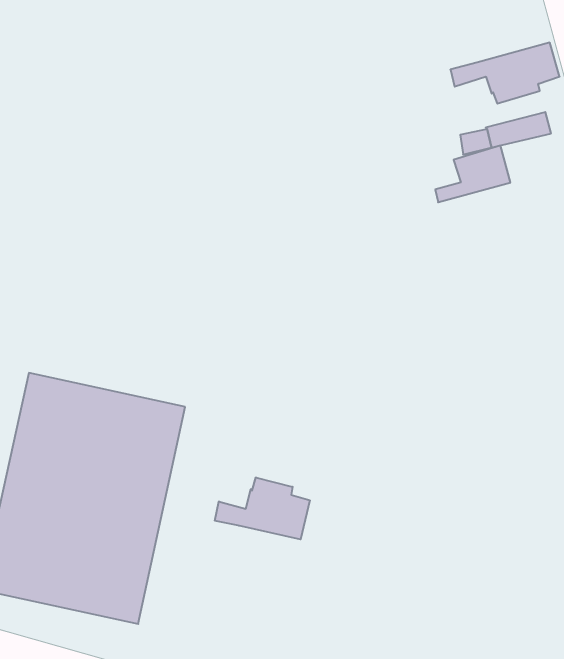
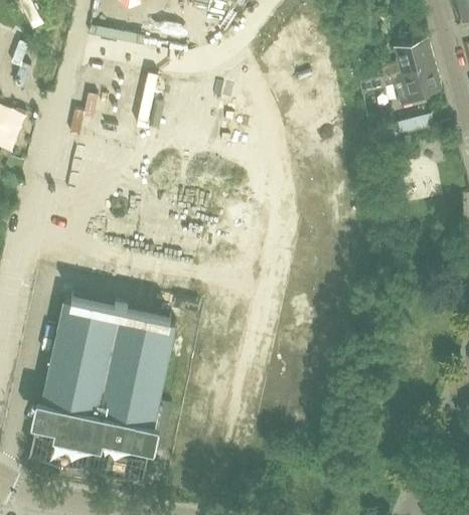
building: [435,146,510,202] -> [382,34,436,74]
building: [215,477,310,539] -> none

